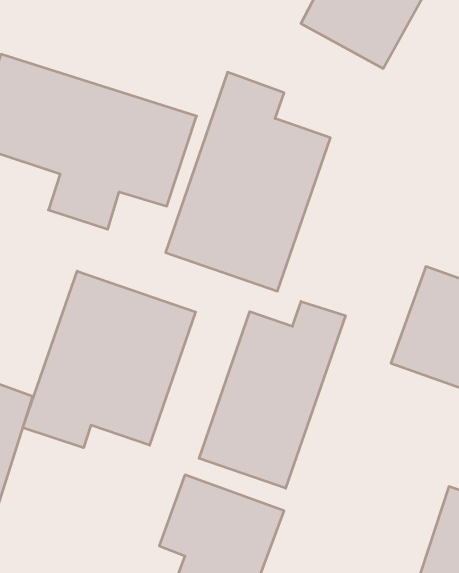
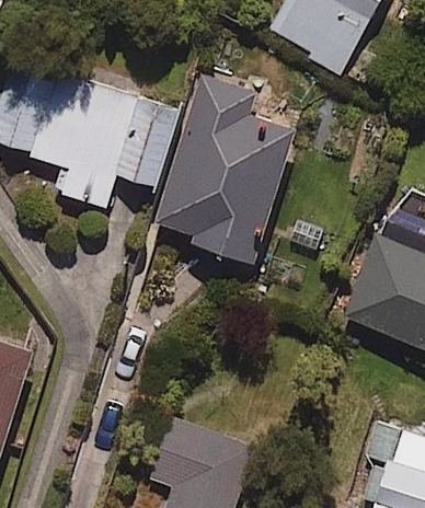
building: [23,271,196,448] -> none
building: [199,301,345,488] -> none

